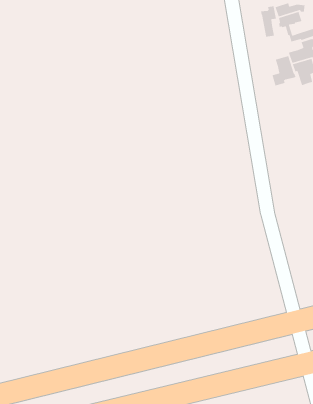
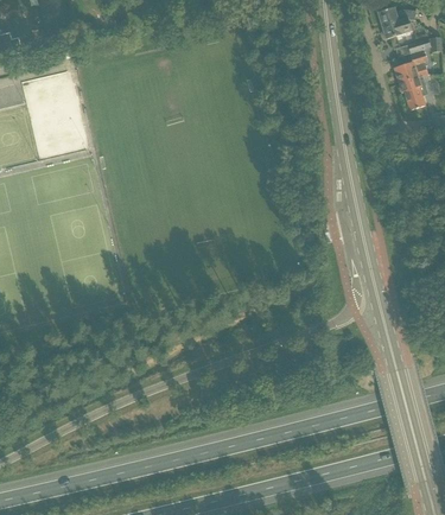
building: [260,5,277,38] -> none
building: [271,55,296,87] -> none

